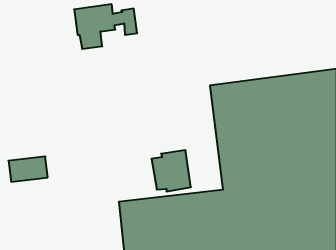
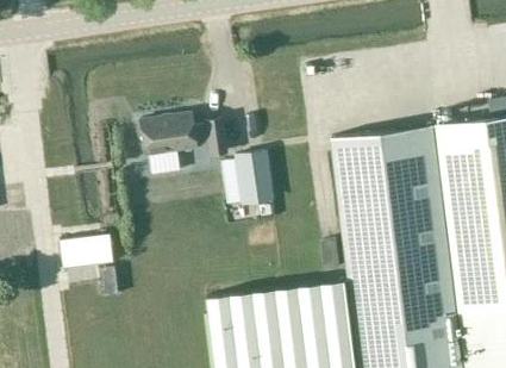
building: [74,4,137,49] -> [139,116,225,176]
building: [151,150,191,191] -> [219,151,273,207]

